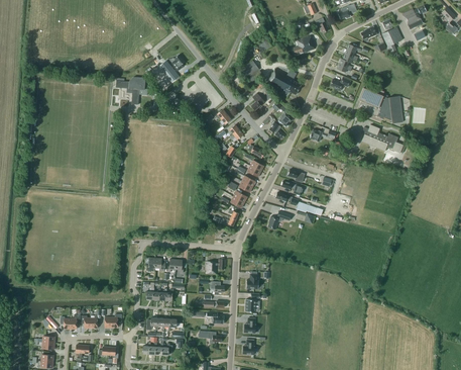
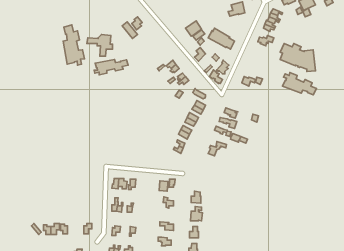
building: none -> [63,25,84,65]
building: none -> [94,60,128,75]

